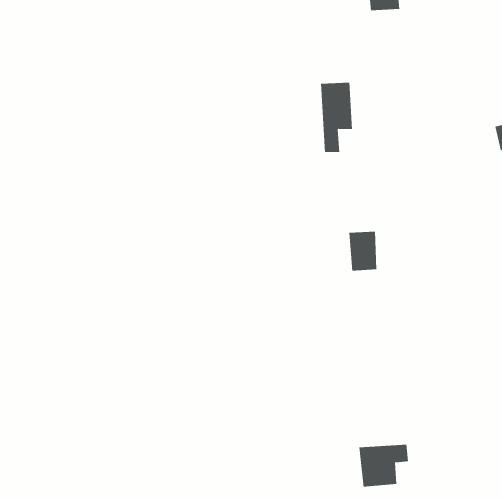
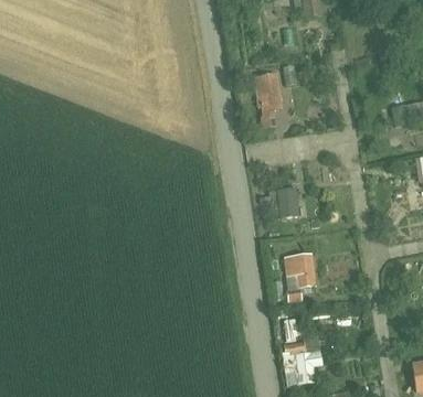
building: none -> [283,254,315,289]

